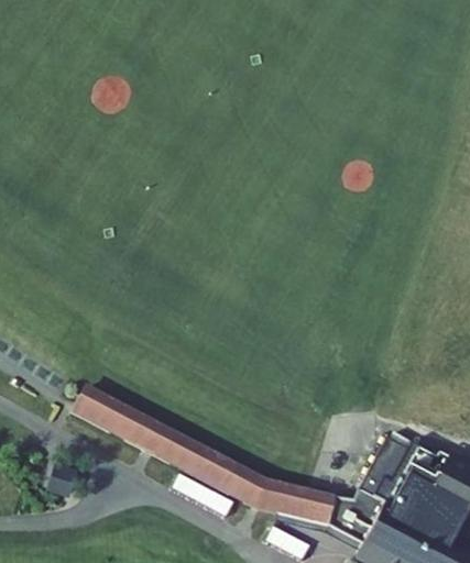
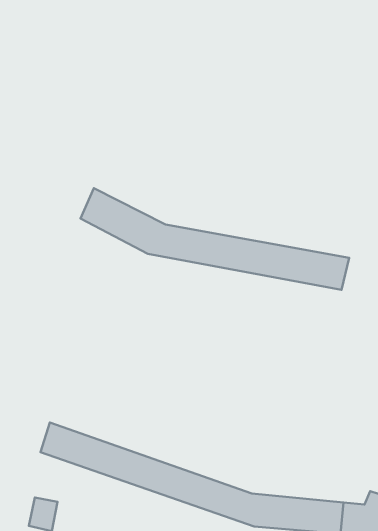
building: none -> [81,188,349,290]

